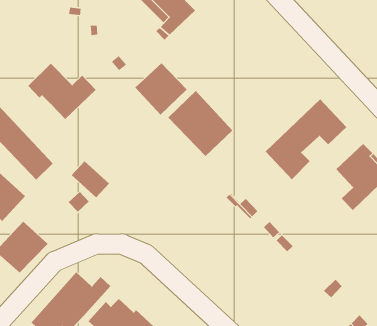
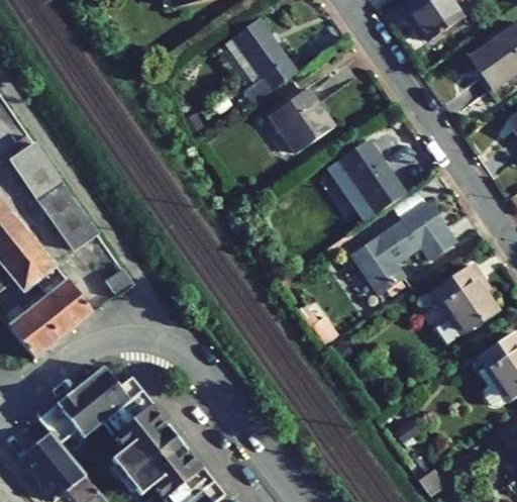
building: [134,62,187,115] -> [271,88,334,152]
building: [28,63,97,120] -> none
building: [167,90,233,157] -> [329,138,406,220]
building: [71,161,110,198] -> [48,279,94,326]

